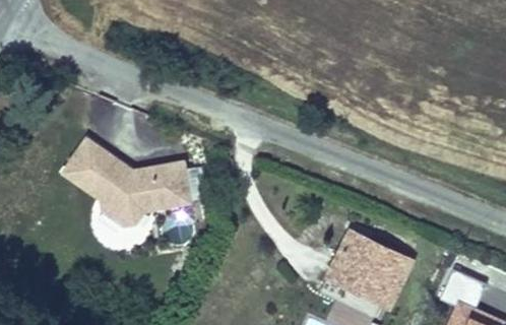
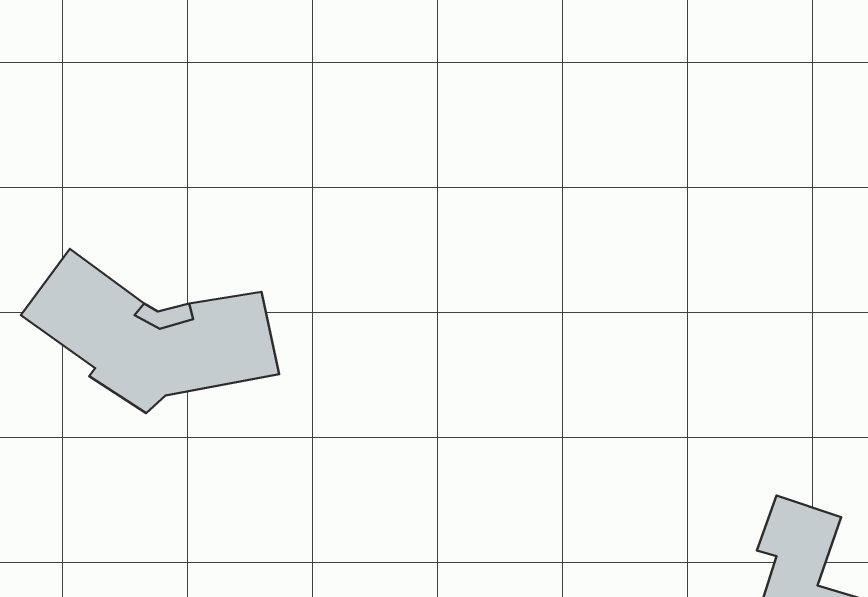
building: [329,232,410,307] -> none

